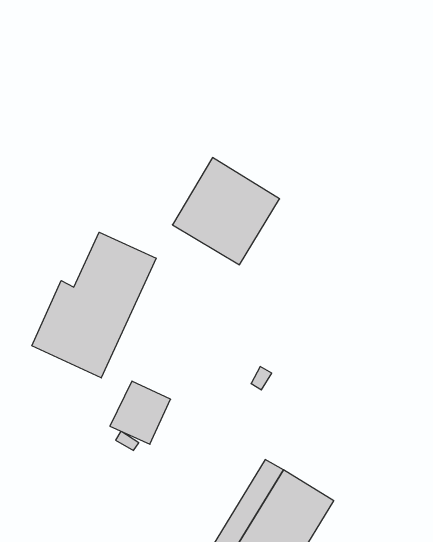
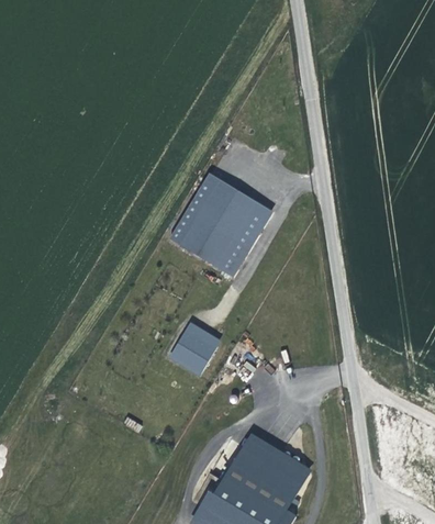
building: [32,232,156,378] -> none
building: [110,381,171,444] -> [168,320,220,374]

